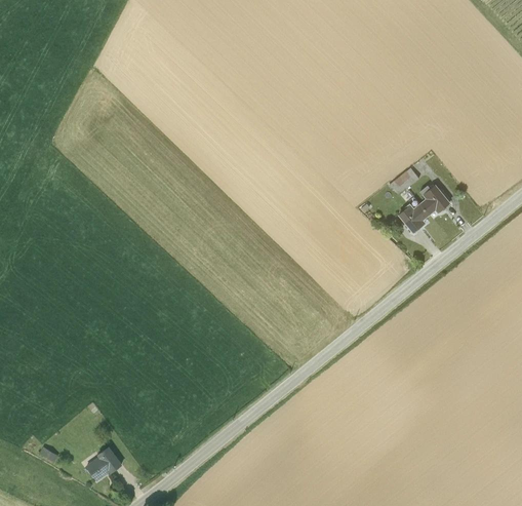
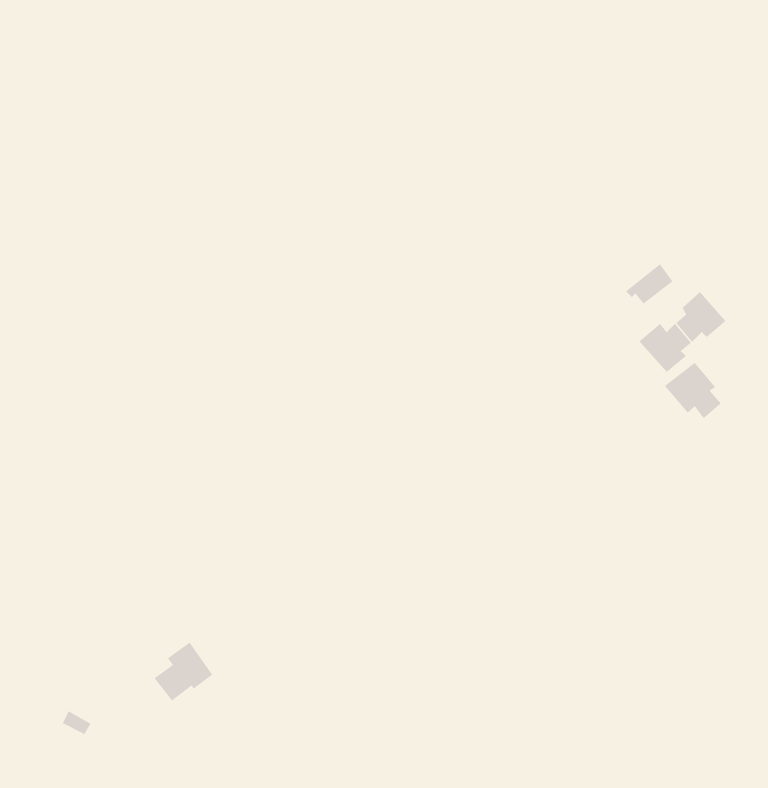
building: none -> [664,362,722,419]
building: [85,443,122,480] -> [153,642,213,701]

